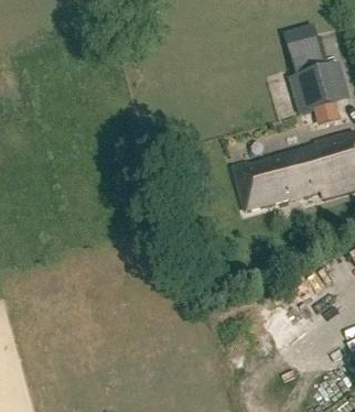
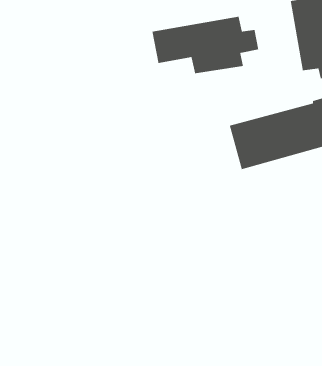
building: none -> [152,16,259,74]

